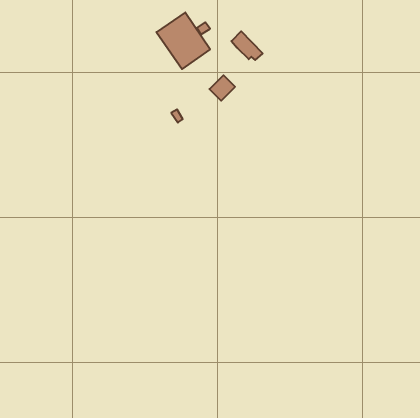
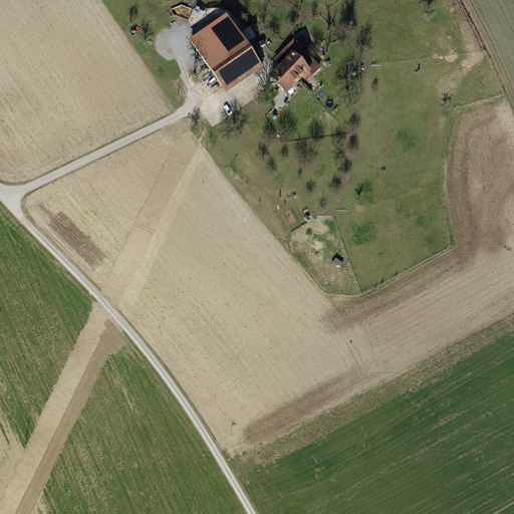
building: [209,75,235,101] -> [272,58,303,89]

